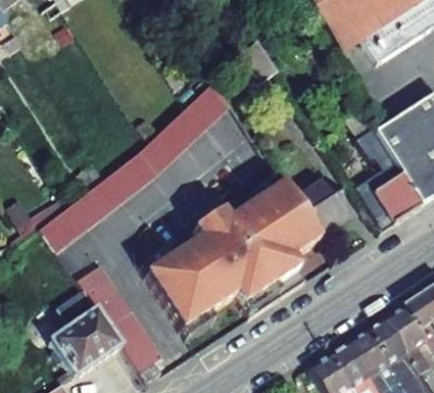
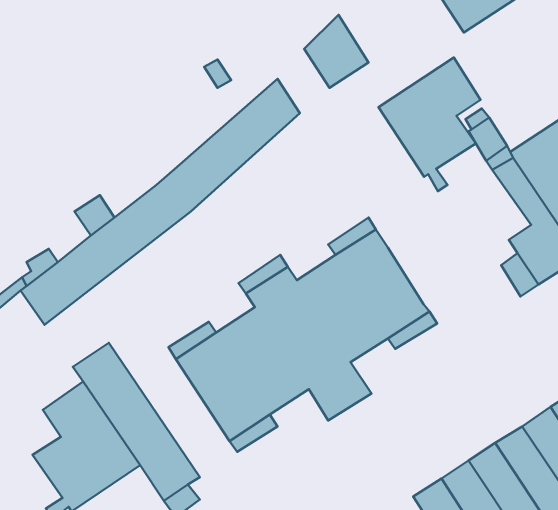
building: none -> [378,58,481,191]
building: [291,175,347,236] -> none

